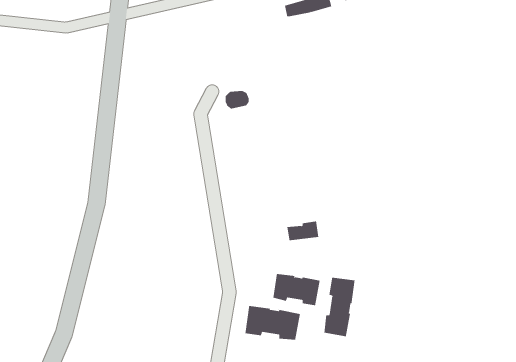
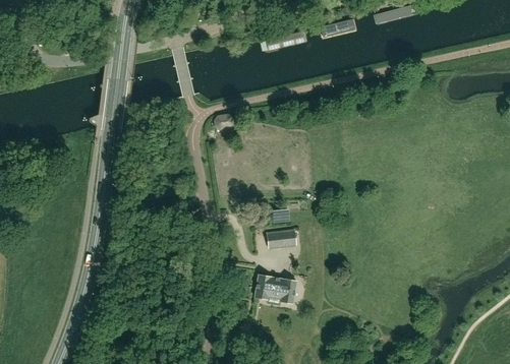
building: [324,277,355,337] -> none
building: [245,305,300,340] -> none

